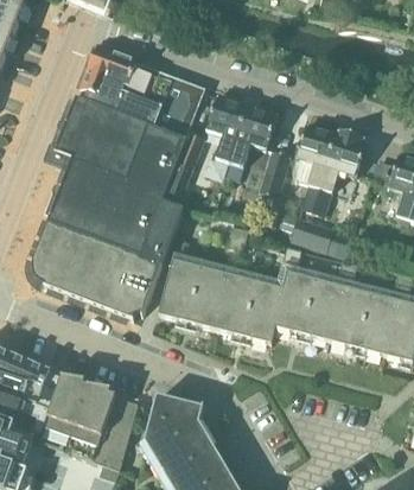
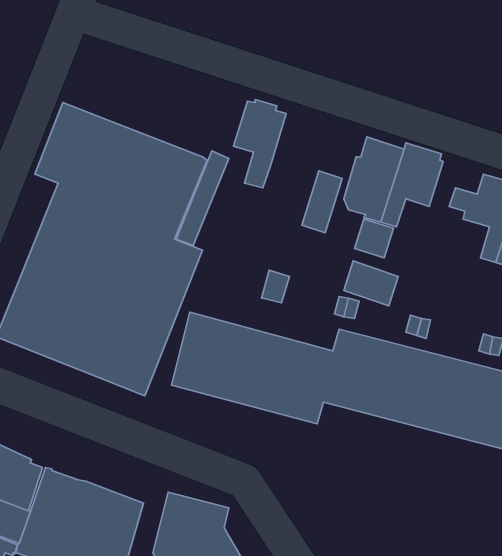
building: [79,44,203,138] -> none
building: [227,103,276,179] -> none

